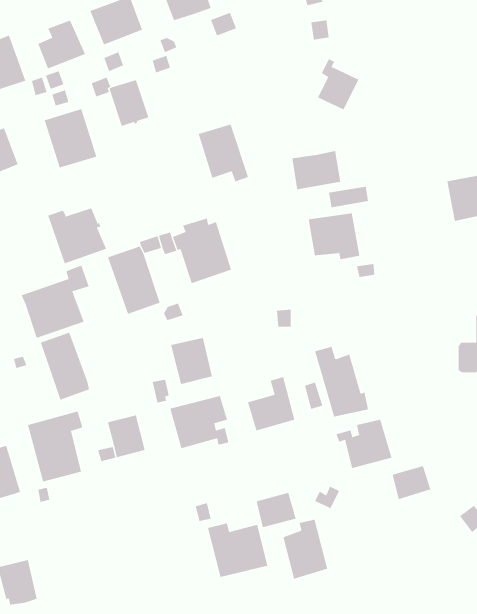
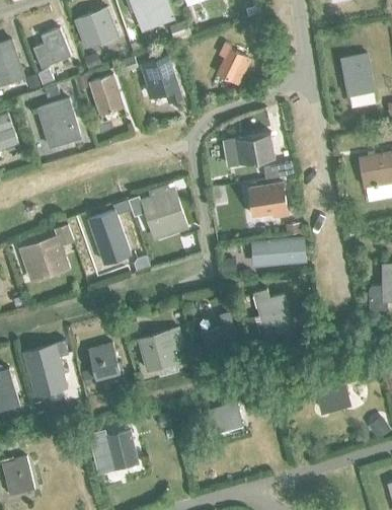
building: none -> [340,54,372,95]
building: [317,58,359,110] -> [216,43,249,84]
building: [198,124,249,182] -> [140,56,180,102]
building: [47,208,107,264] -> none
building: none -> [251,236,306,267]
building: [40,332,90,400] -> none
building: [171,337,213,385] -> none
building: [336,419,392,469] -> none
building: [283,519,328,580] -> none
building: [207,523,268,577] -> [89,430,138,473]

